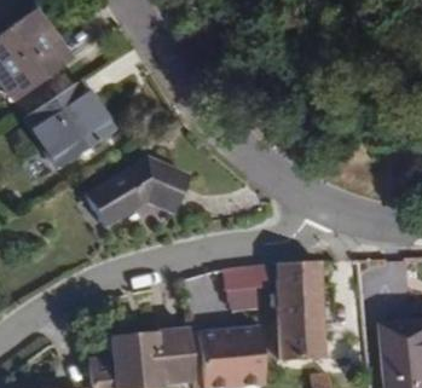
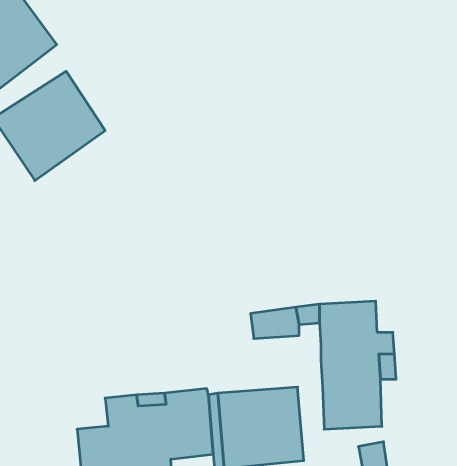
building: [79,166,183,226] -> none

